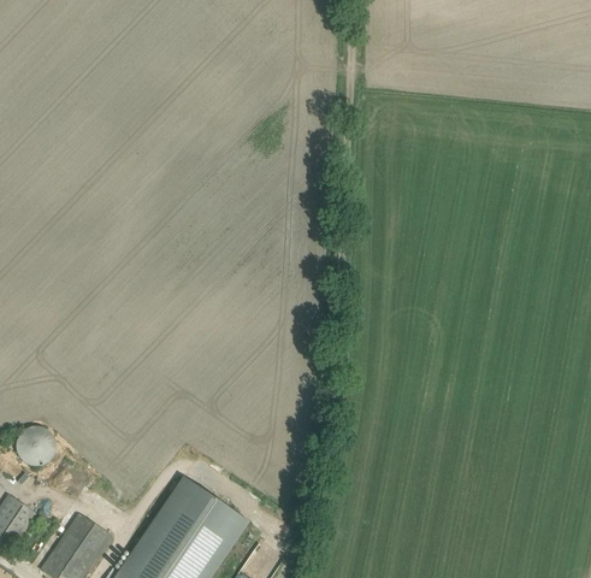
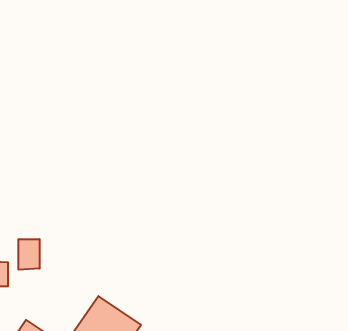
building: none -> [19,239,40,270]

